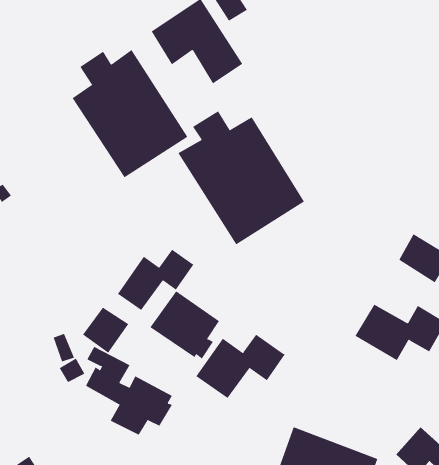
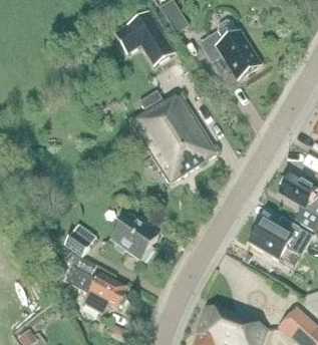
building: none -> [199,20,262,82]
building: [72,49,188,178] -> none
building: [117,249,194,311] -> none
building: [195,334,286,399] -> none

